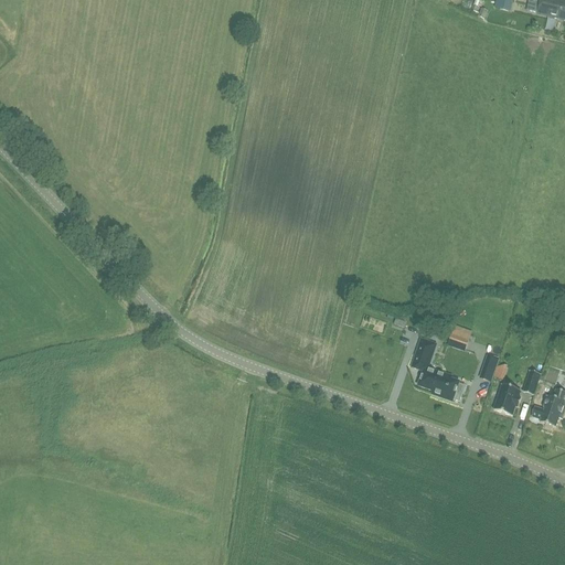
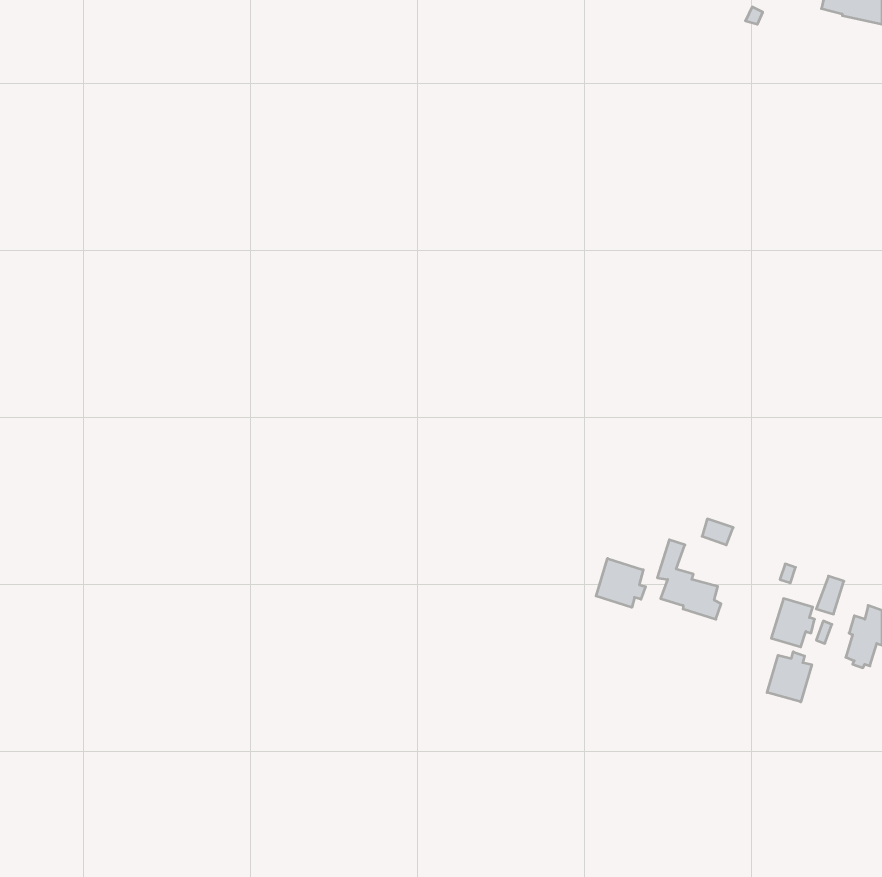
building: none -> [596,558,646,607]
building: none -> [767,652,812,702]

